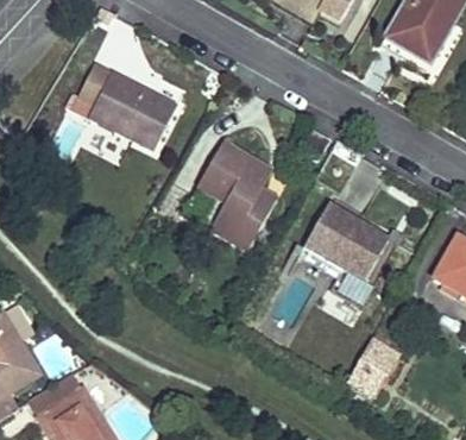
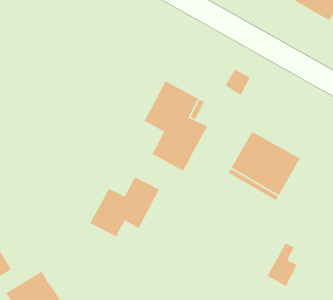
building: [67,57,171,147] -> none
building: none -> [89,176,160,238]

